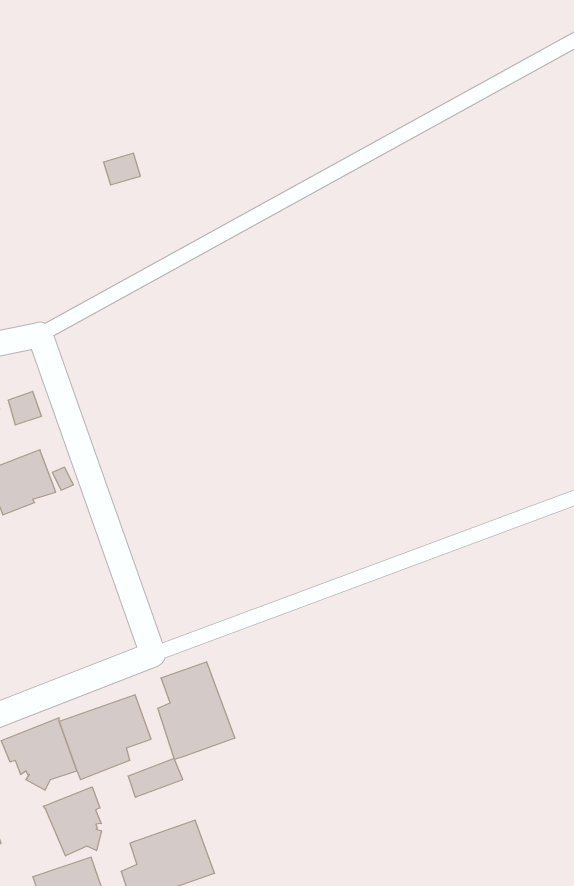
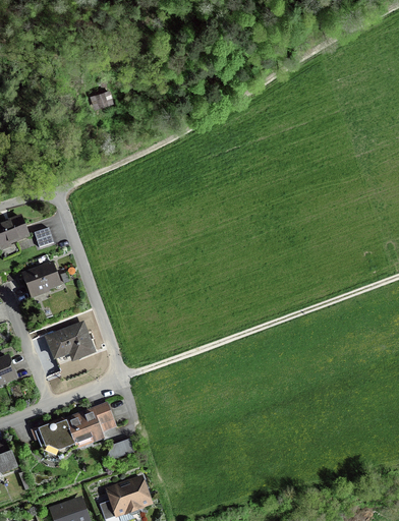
building: none -> [44,321,96,364]
building: [158,662,235,759] -> none
building: [43,787,101,856] -> none

